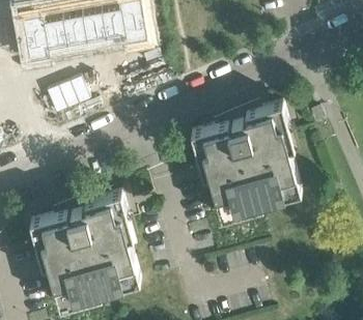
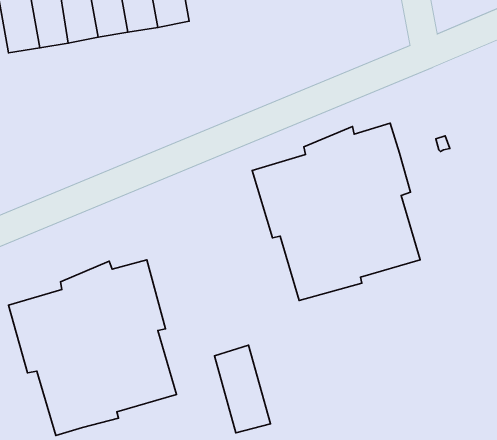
building: none -> [214,345,271,433]

